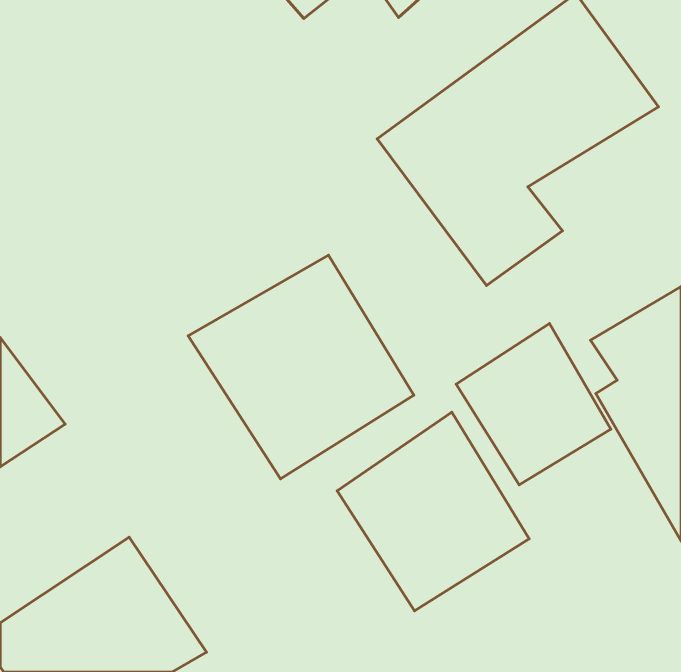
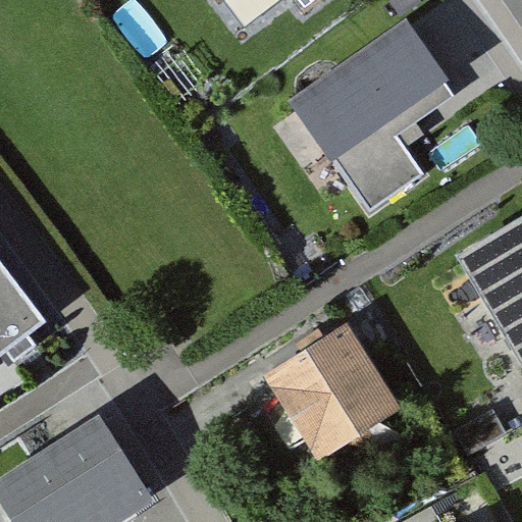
building: [188,255,414,479] -> none
building: [456,324,611,485] -> none

